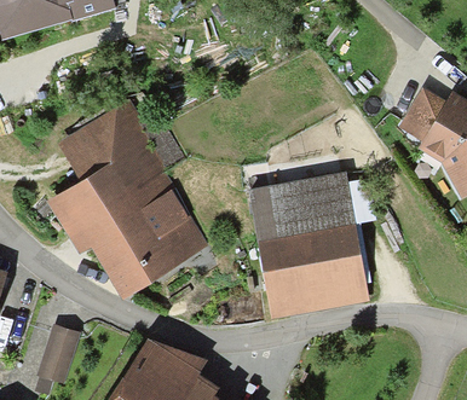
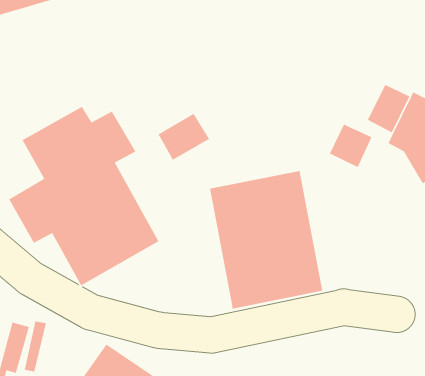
building: none -> [157,113,210,161]
building: none -> [329,124,373,168]

